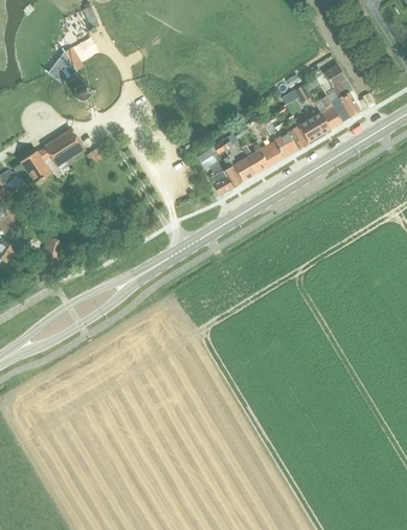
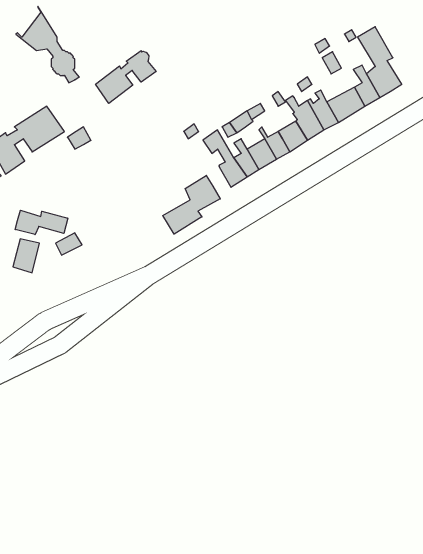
building: none -> [96,51,156,103]
building: none -> [163,175,220,234]
building: none -> [15,210,68,235]

